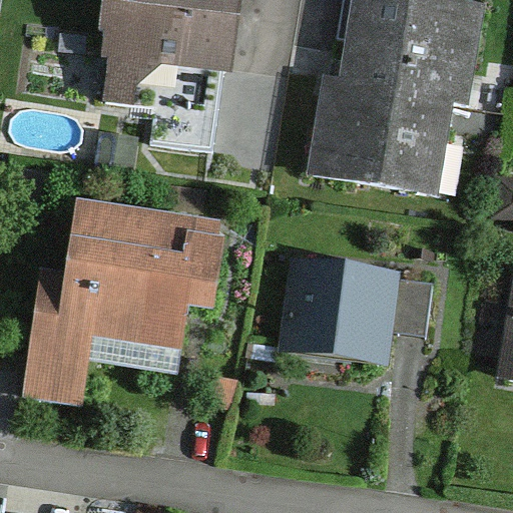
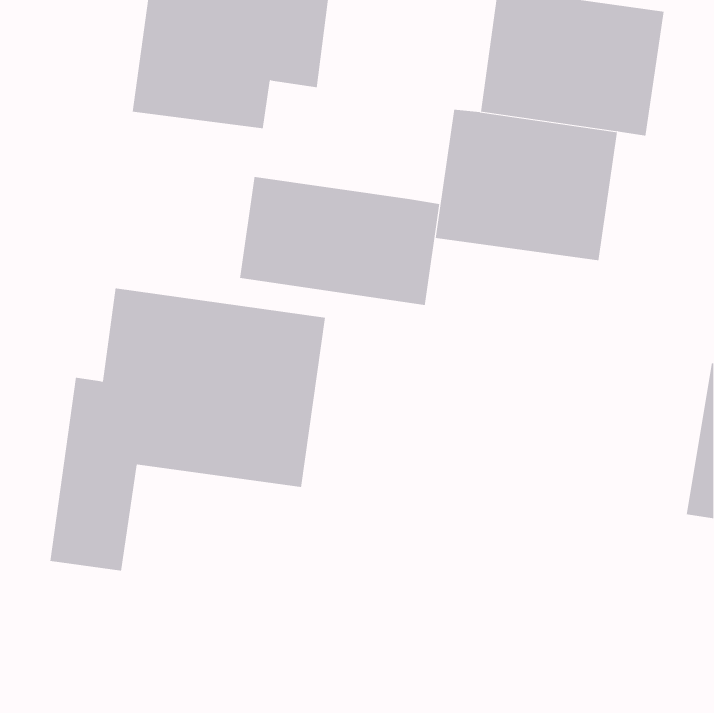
building: none -> [240,176,440,306]
building: [288,261,403,365] -> none

